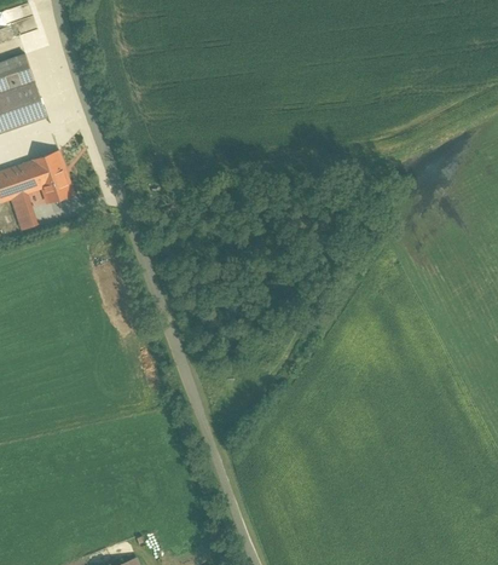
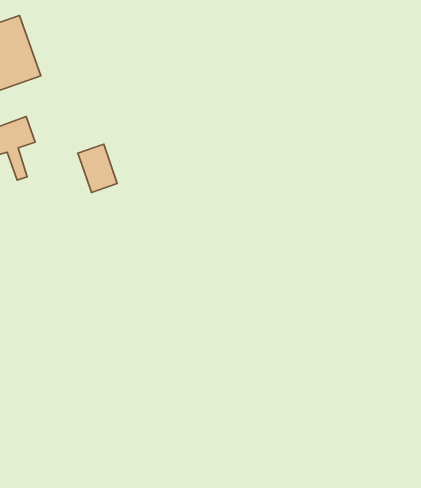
building: [31,151,74,203] -> [78,144,117,192]

